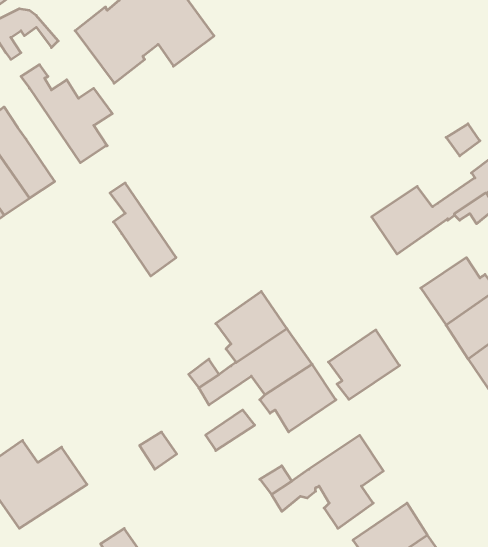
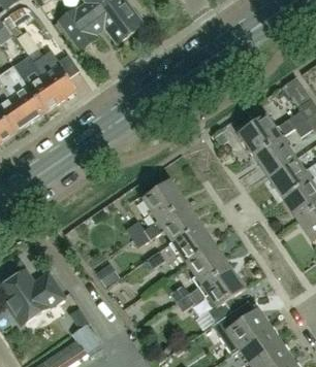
building: [110,183,176,276] -> [20,56,60,112]
building: none -> [253,135,295,177]
building: [328,330,400,399] -> [187,245,230,288]

